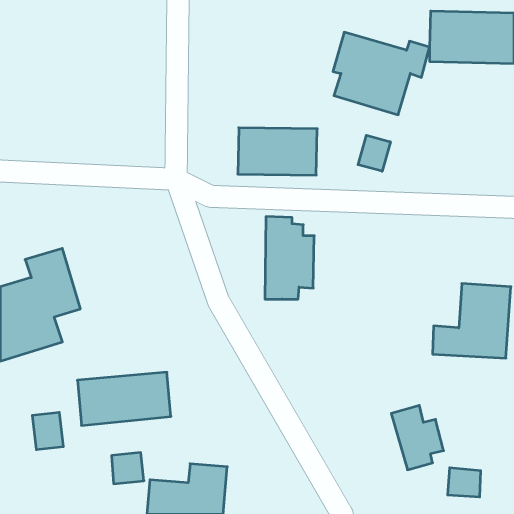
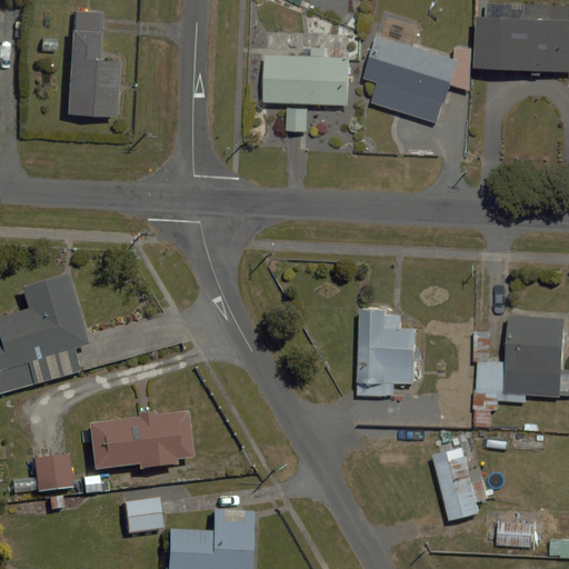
building: none -> [67,8,123,117]
building: [238,128,317,175] -> [263,56,351,108]
building: [358,135,390,171] -> none
building: [265,217,314,299] -> [359,305,413,396]

